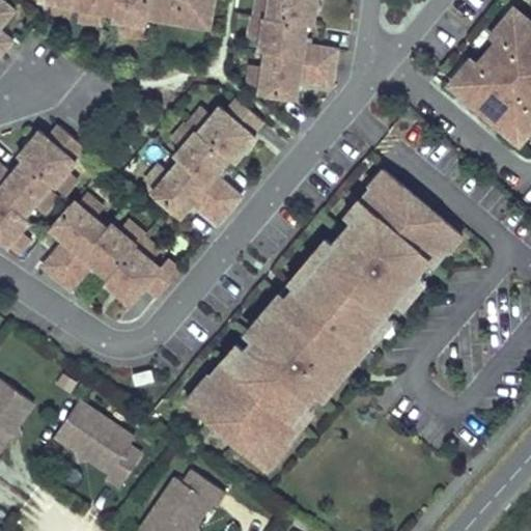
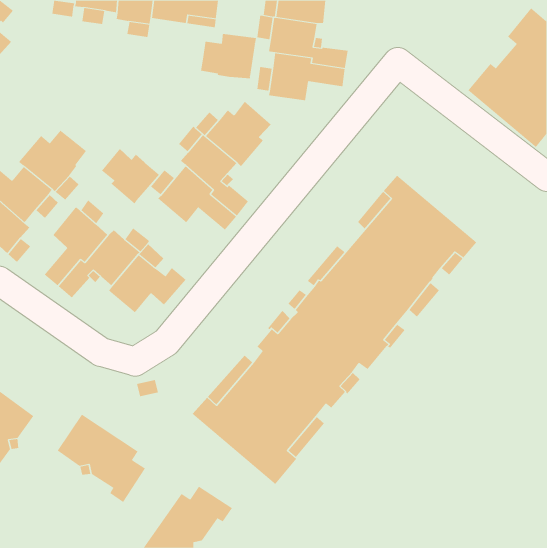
building: none -> [201,33,256,79]
building: none -> [101,148,160,205]

